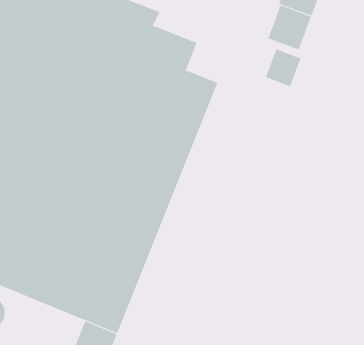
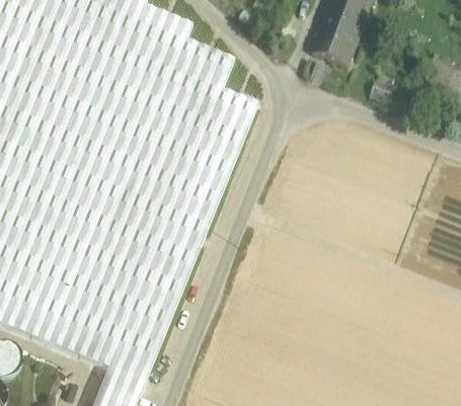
building: [265,48,301,87] -> none

